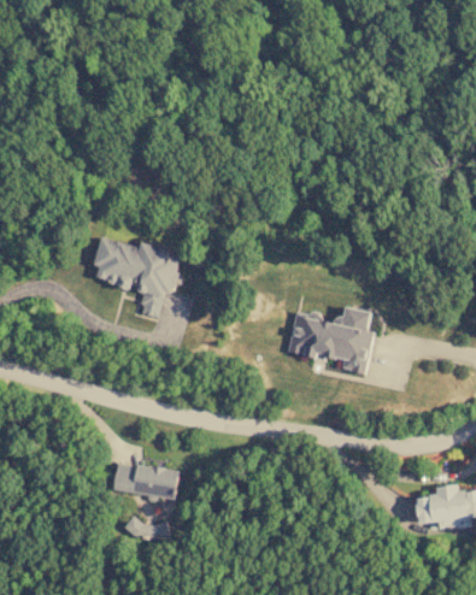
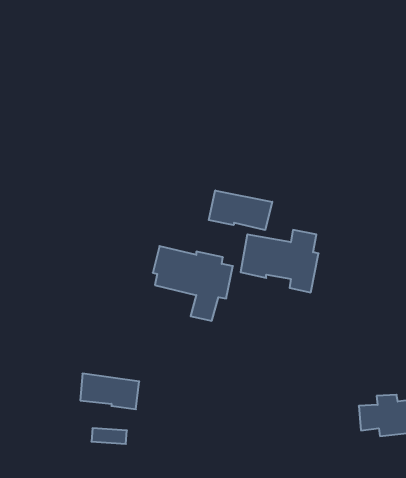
building: [92,236,178,317] -> [153,246,233,321]
building: none -> [209,190,272,230]

